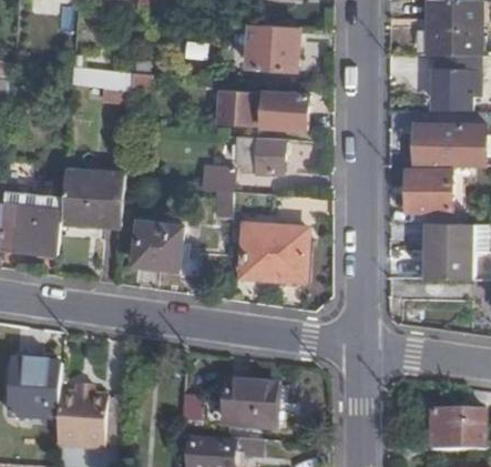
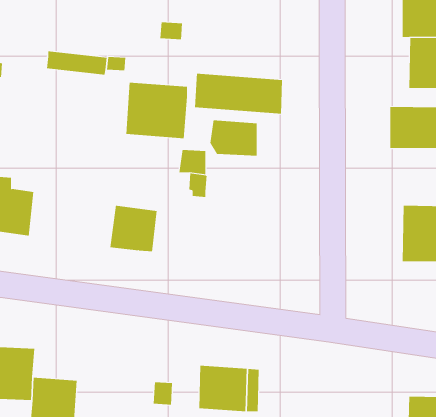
building: [248,24,298,69] -> none
building: [407,165,449,209] -> none
building: [62,170,124,226] -> [125,82,188,139]
building: [243,224,309,287] -> none

